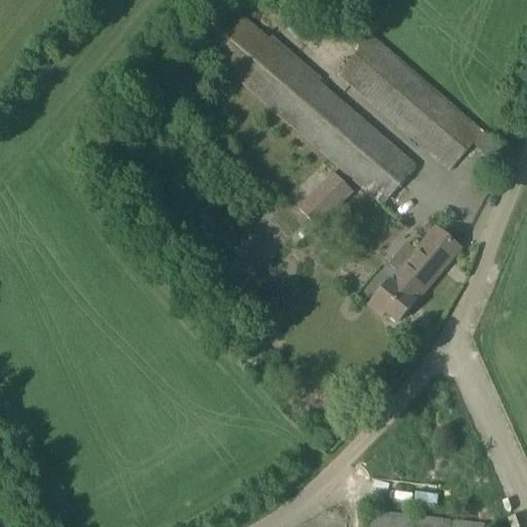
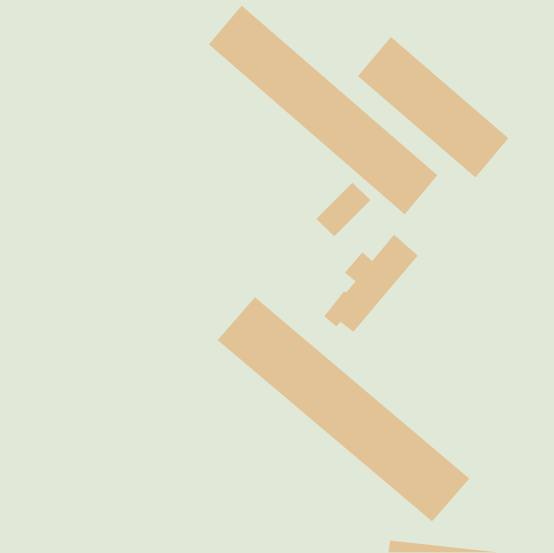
building: [372,225,462,319] -> [323,234,419,333]
building: none -> [216,296,471,523]

